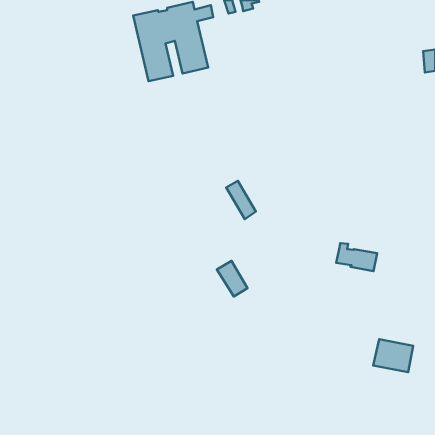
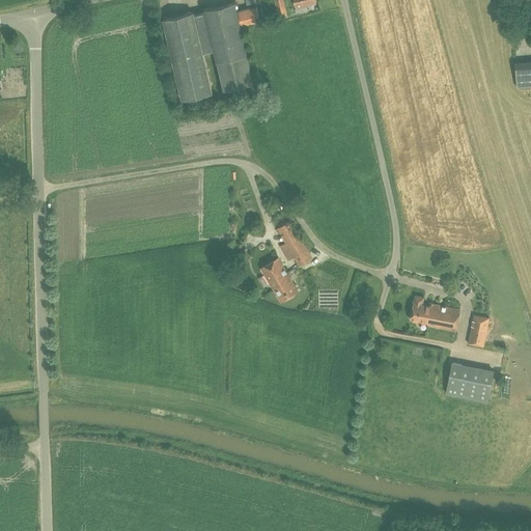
building: none -> [467,315,488,347]
building: [217,261,248,297] -> [259,258,297,302]
building: [373,339,413,372] -> [444,362,493,402]

